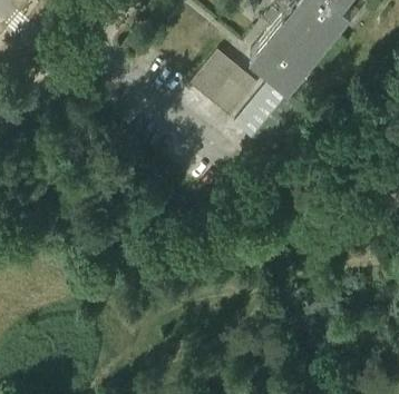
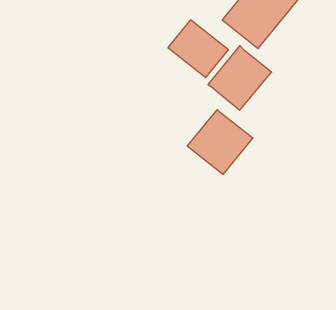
building: none -> [187,110,253,174]

